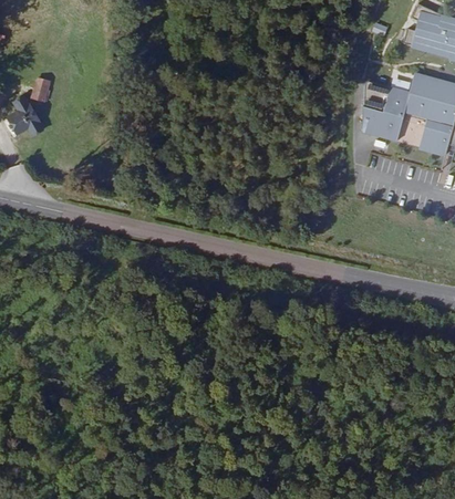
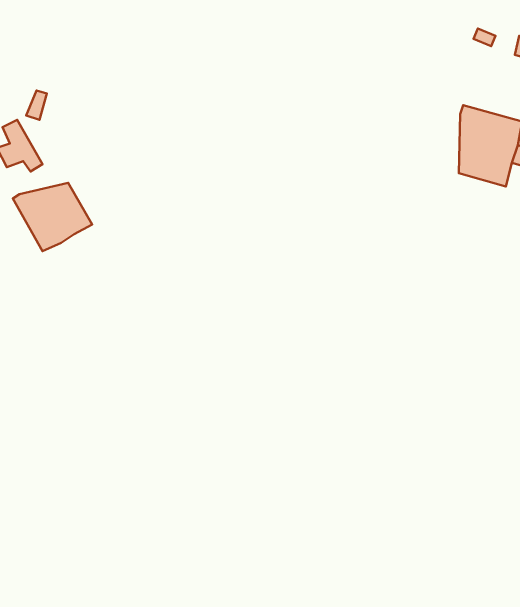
building: none -> [13,183,92,251]

